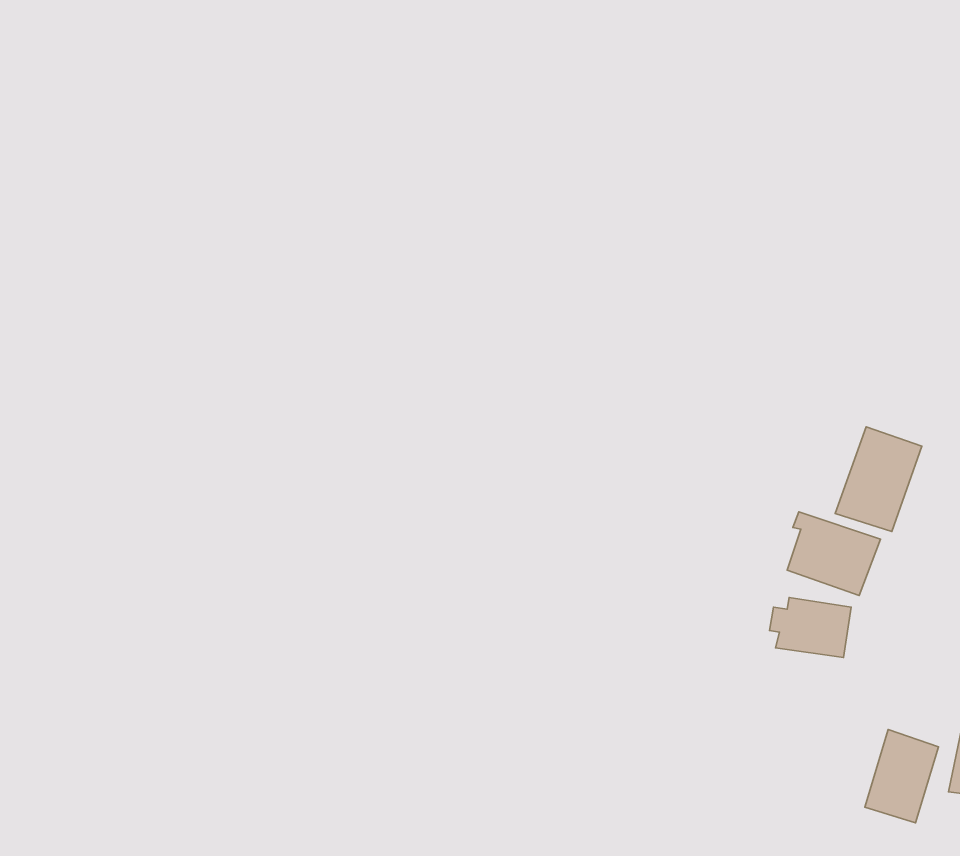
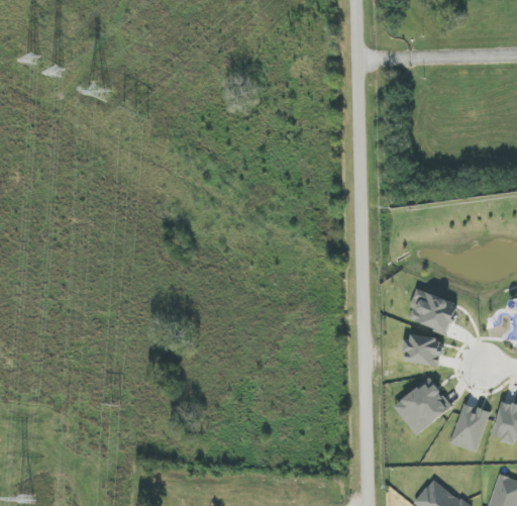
building: [835,427,922,531] -> none
building: none -> [394,378,451,433]

